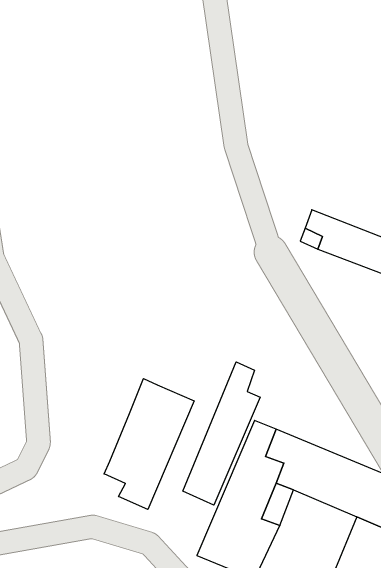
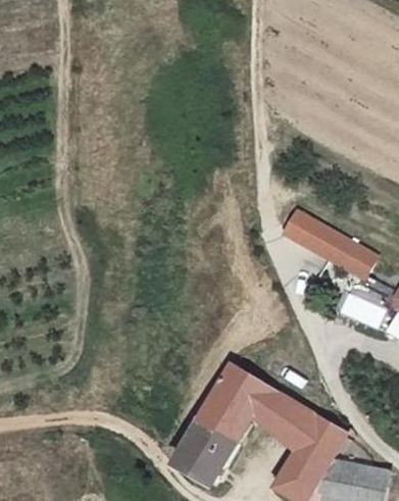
building: [183,362,260,505] -> none
building: [104,379,194,509] -> none

